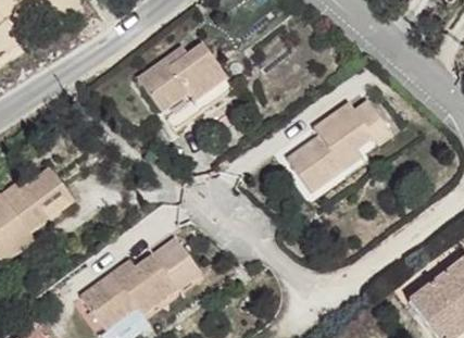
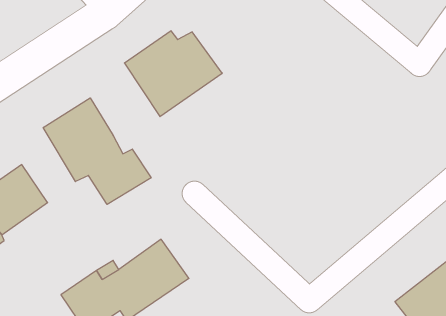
building: [296,97,399,185] -> none
building: none -> [43,98,151,204]

